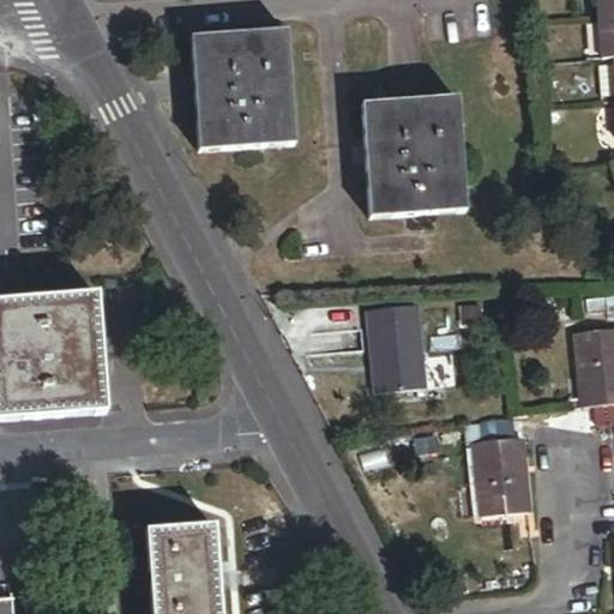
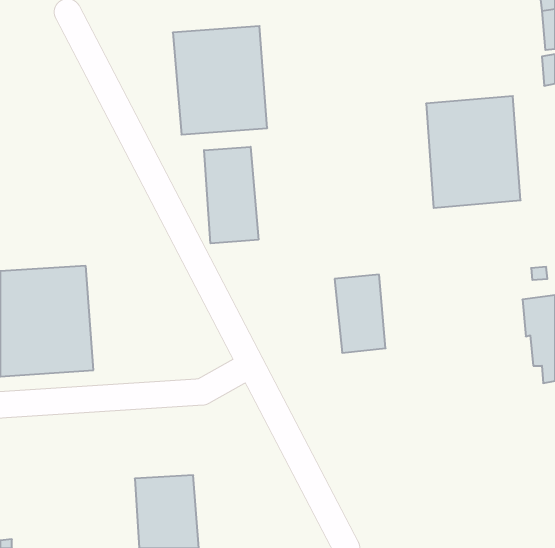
building: [362,94,466,217] -> [426,96,521,208]
building: none -> [204,147,258,243]
building: [476,417,530,514] -> none

